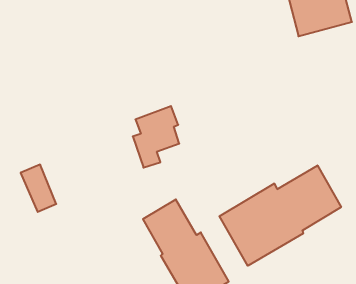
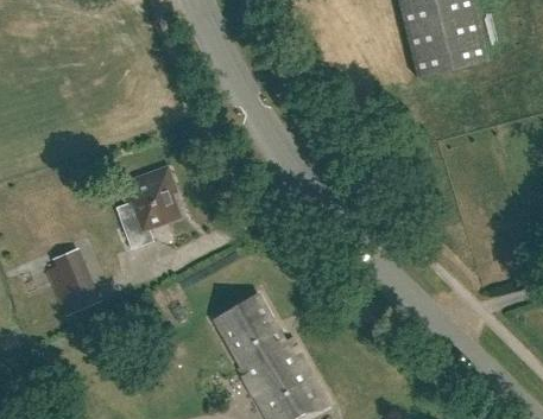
building: [133,106,179,168] -> [116,167,178,249]
building: [219,165,341,266] -> none

